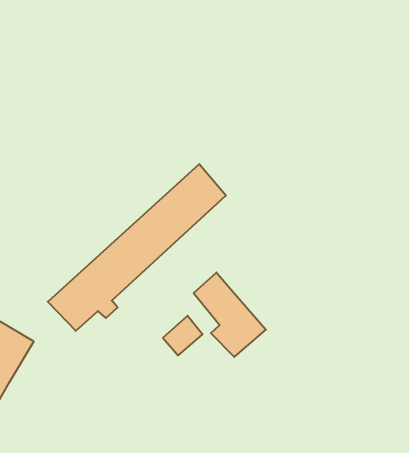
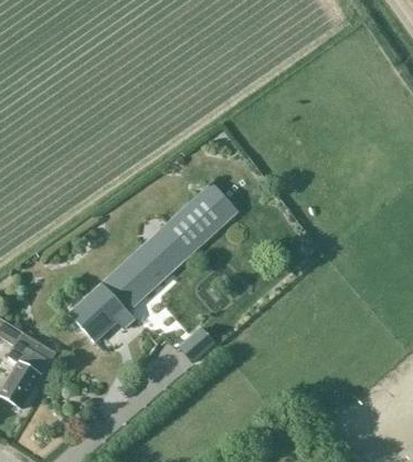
building: [194,272,266,357] -> none

